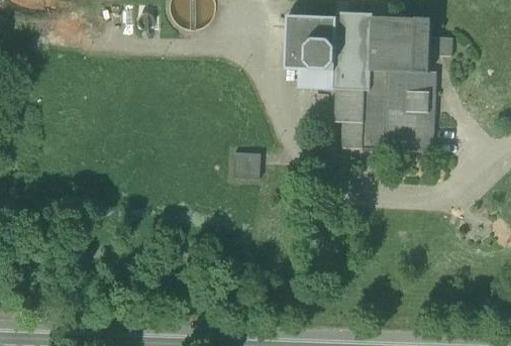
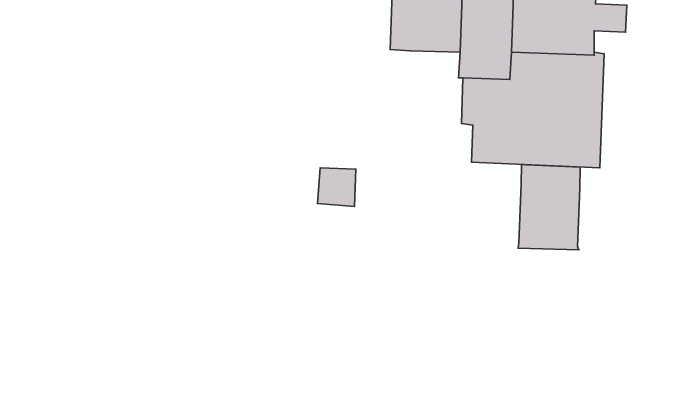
building: [297,69,333,88] -> none
building: none -> [518,164,580,250]

